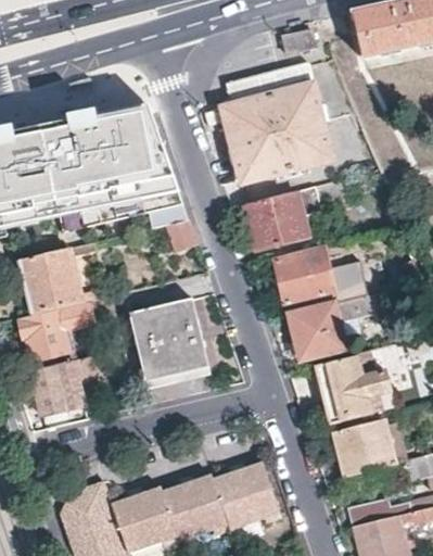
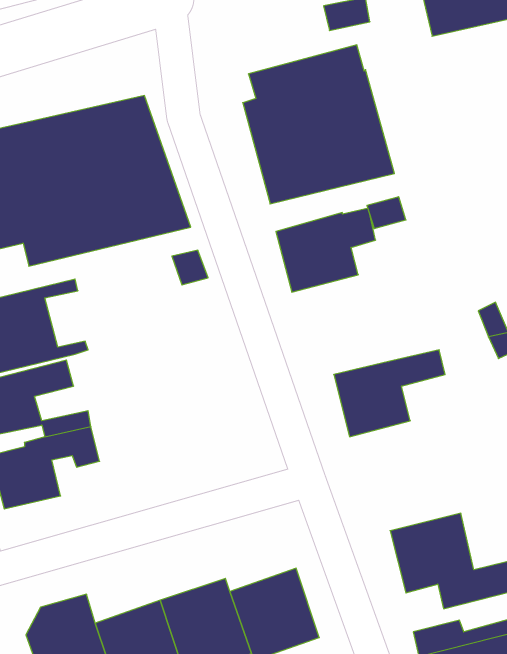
building: [272,248,368,303] -> none
building: [129,299,207,382] -> none
building: [316,354,391,422] -> none

